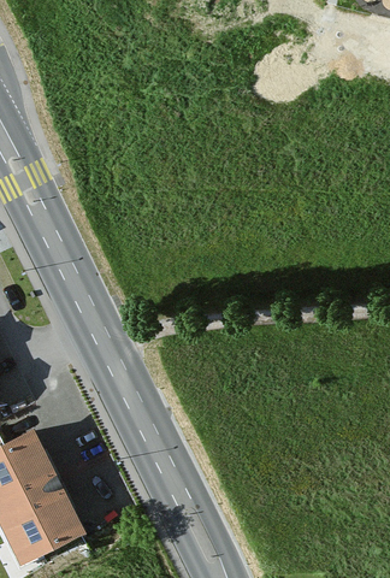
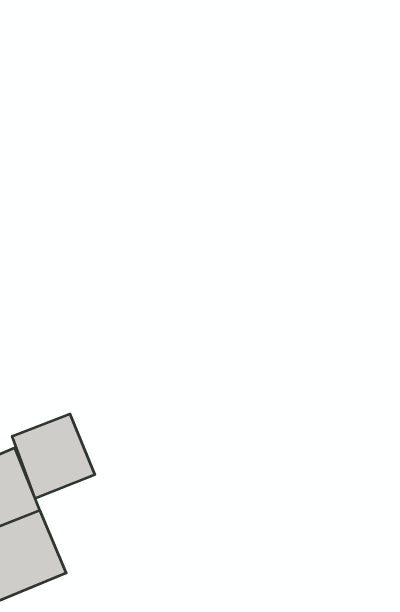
building: none -> [12,414,95,499]

